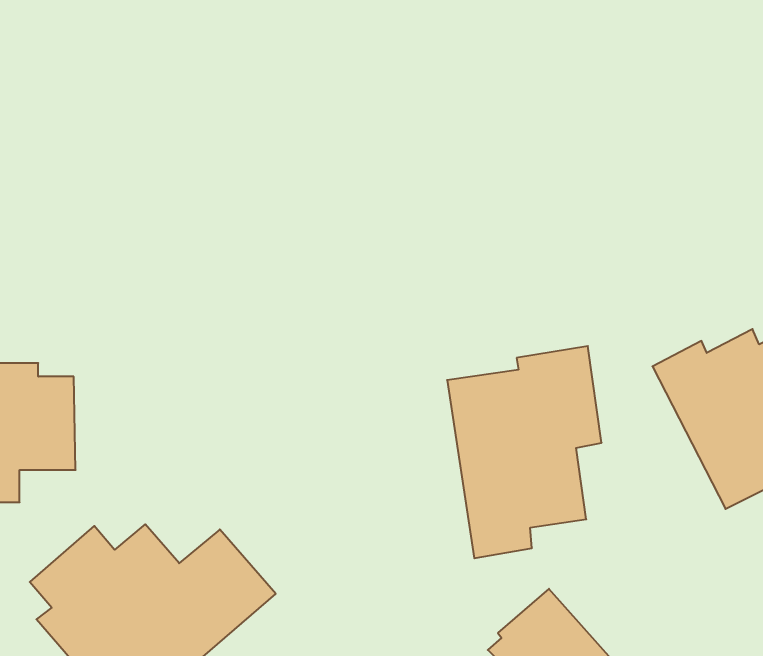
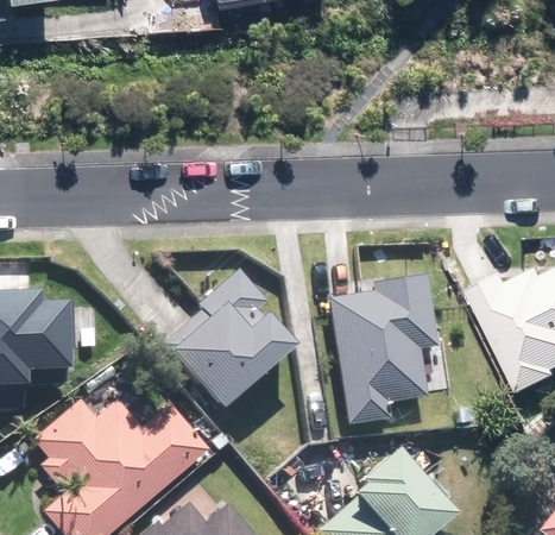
building: none -> [172,270,301,403]

